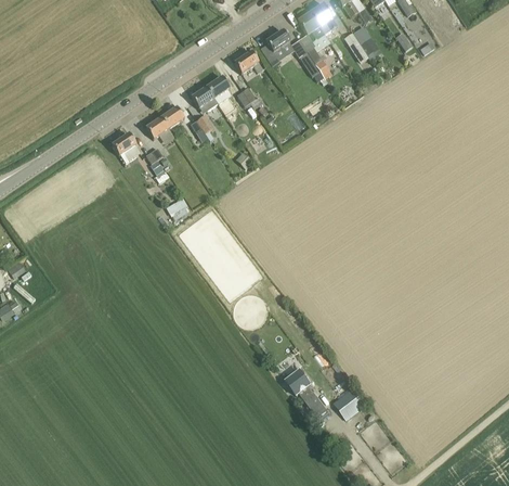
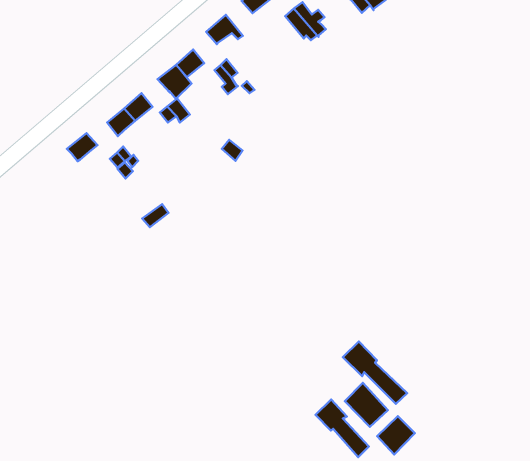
building: none -> [343,342,407,404]
building: none -> [345,383,388,427]

